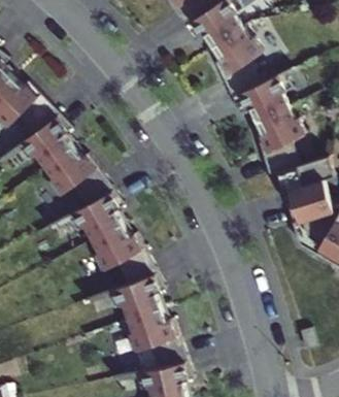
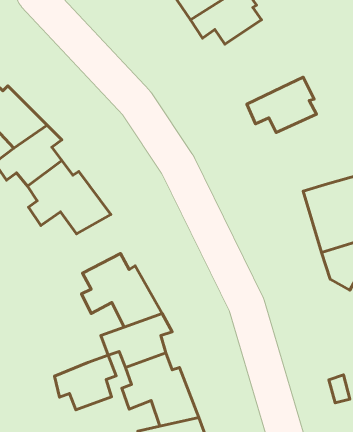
building: [209,26,261,97] -> none
building: [252,105,303,174] -> none
building: [65,190,124,239] -> none
building: none -> [54,355,116,410]

